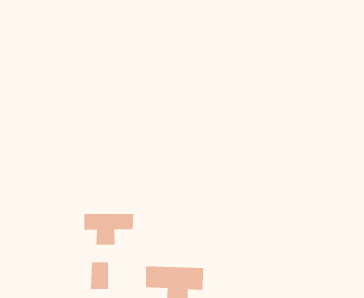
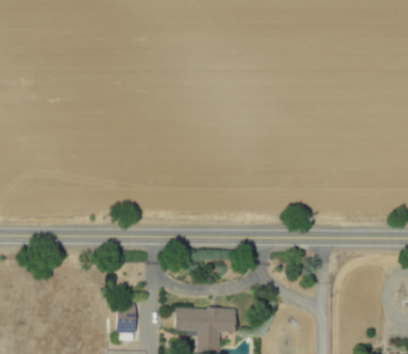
building: [84,213,134,245] -> none

